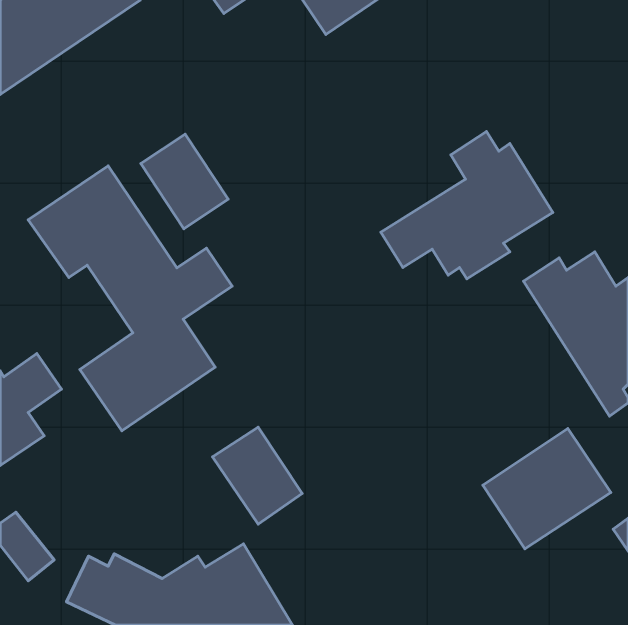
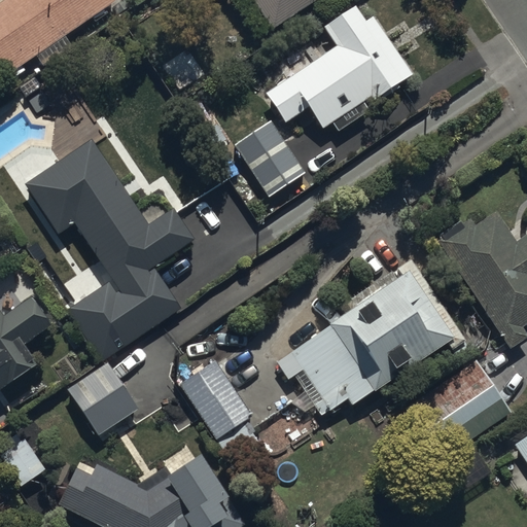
building: [381,131,553,279] -> [266,7,410,131]
building: [141,134,228,229] -> [233,119,306,199]
building: none -> [276,260,475,416]
building: none -> [65,360,138,436]

